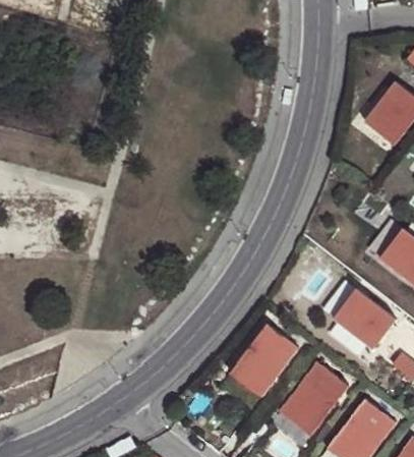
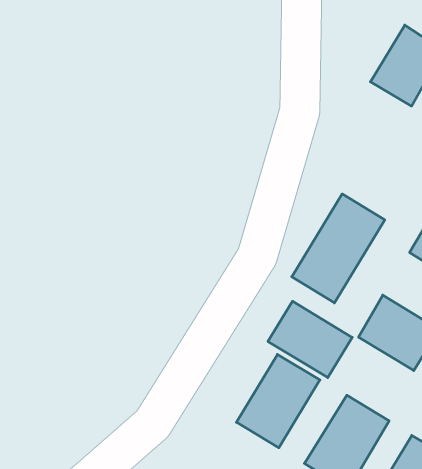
building: none -> [292,194,385,303]
building: none -> [268,301,352,378]

